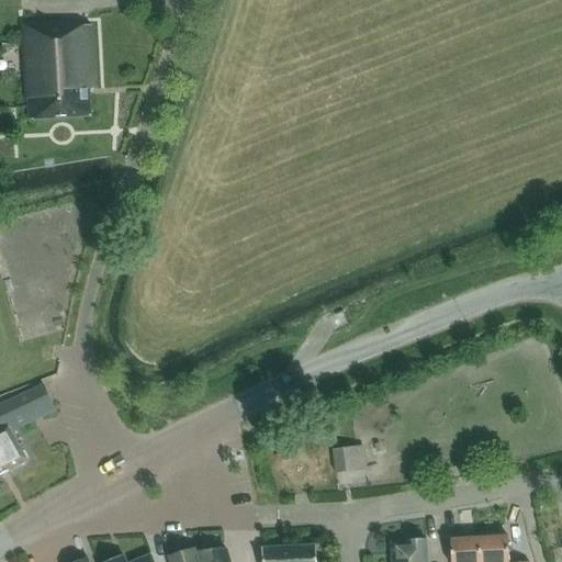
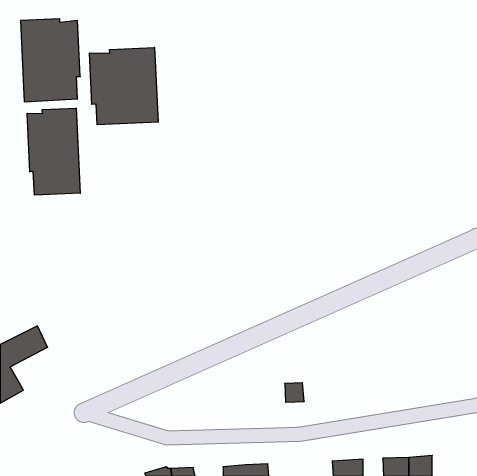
building: none -> [90,47,158,125]
building: none -> [27,108,80,195]

